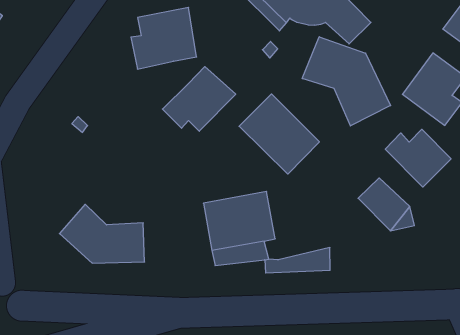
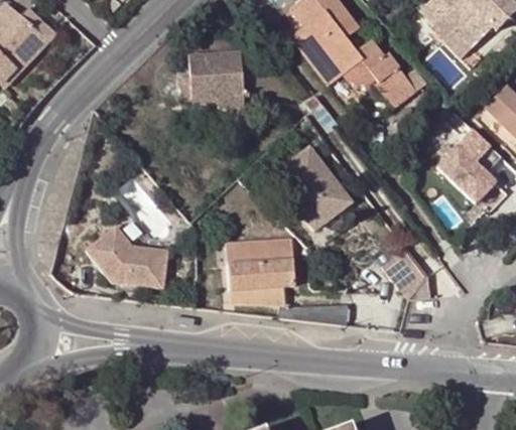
building: [302,37,391,126] -> none
building: [162,67,236,131] -> none
building: [385,129,451,187] -> none

